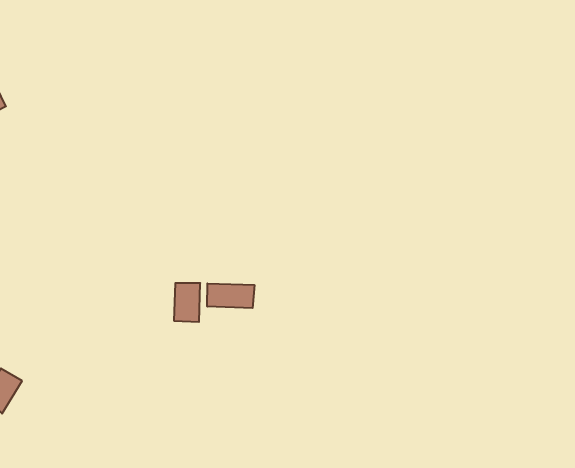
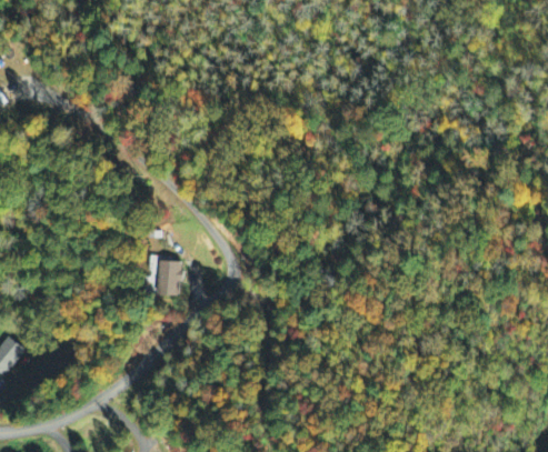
building: [207,283,254,308] -> none

